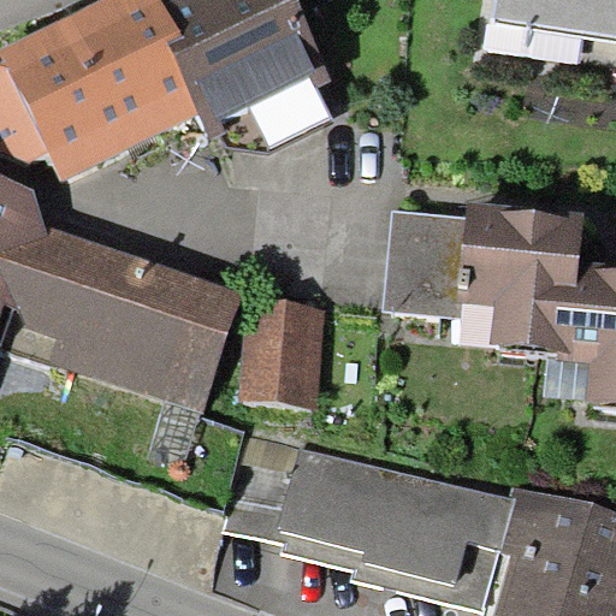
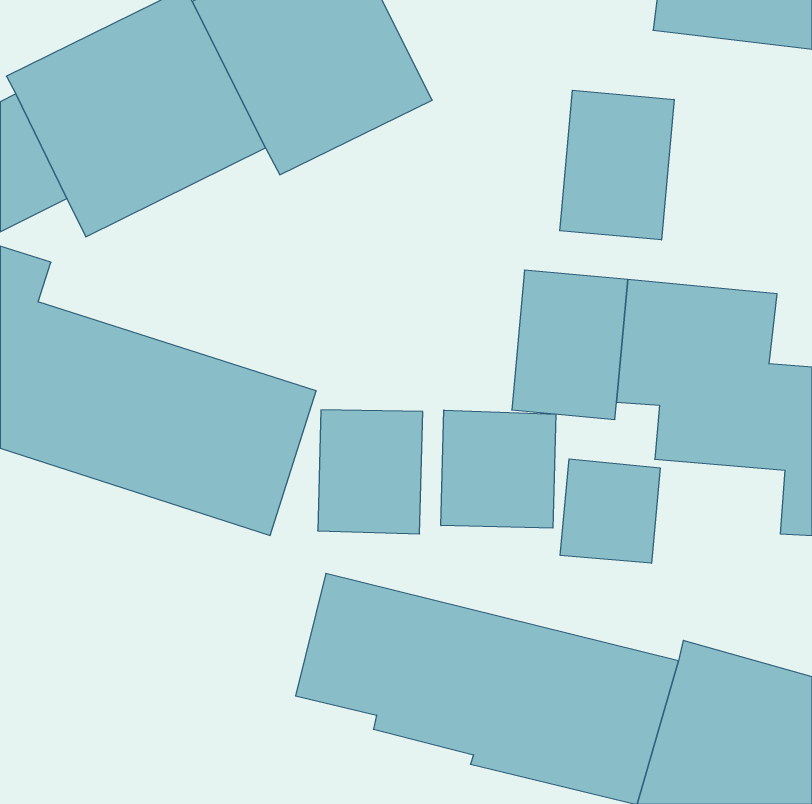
building: none -> [560,90,674,240]
building: none -> [441,410,556,528]
building: none -> [560,459,660,563]

